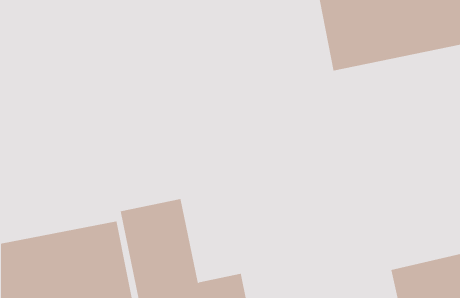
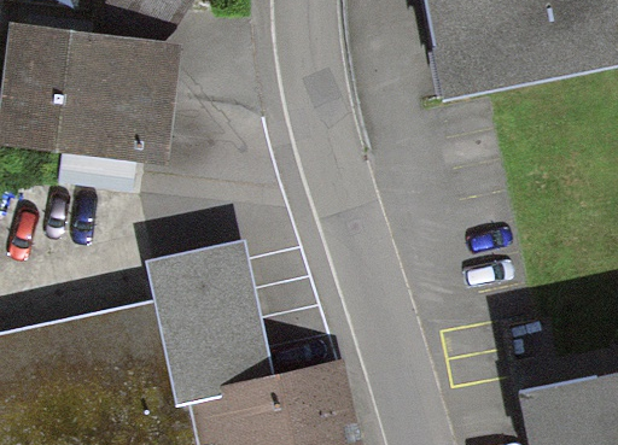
building: none -> [10,23,153,168]

